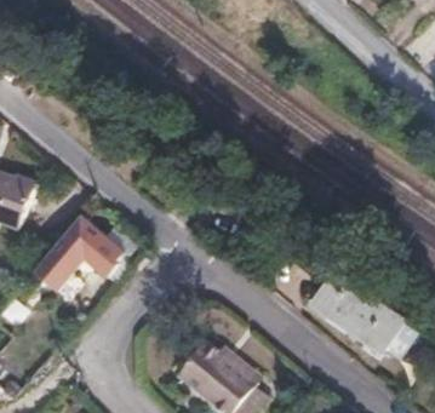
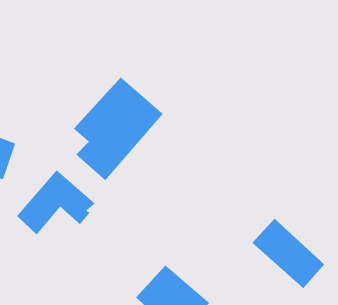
building: none -> [73,77,164,181]

